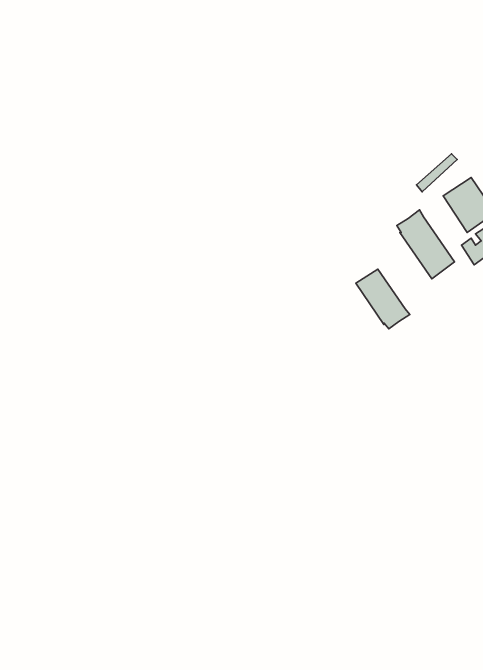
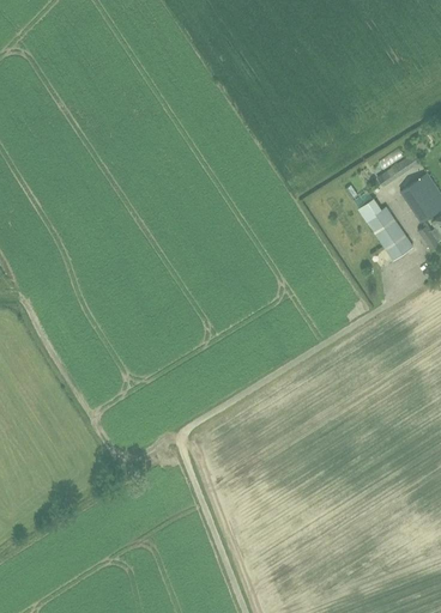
building: [356,269,410,329] -> none

